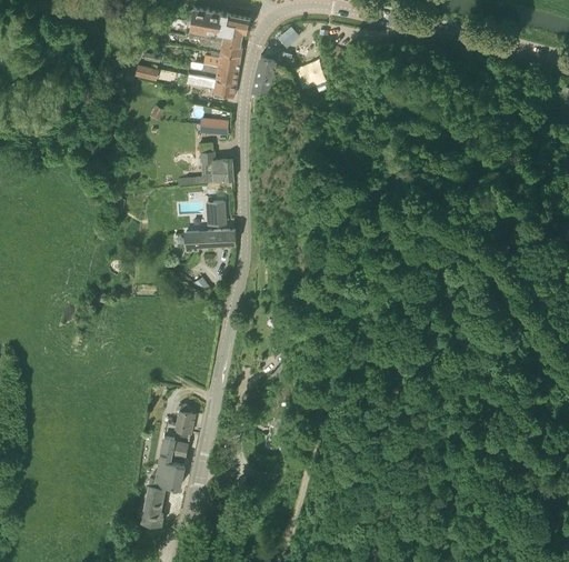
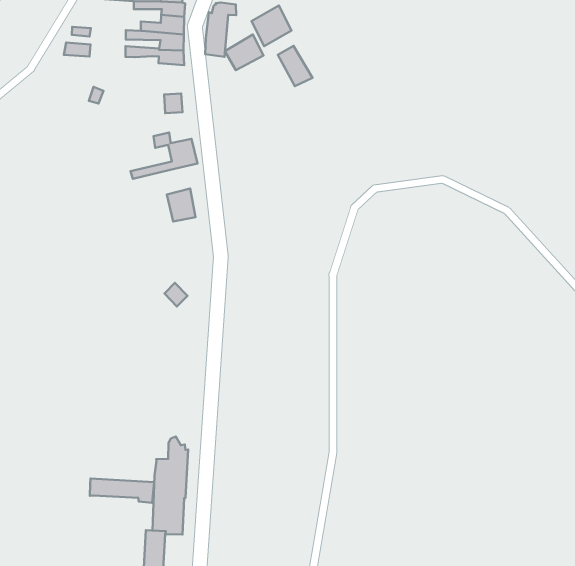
building: none -> [225,34,263,70]
building: none -> [278,46,312,86]
building: [186,229,236,250] -> none
building: none -> [90,478,154,503]

